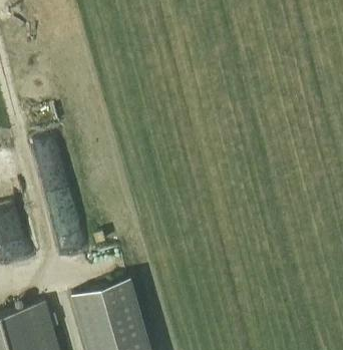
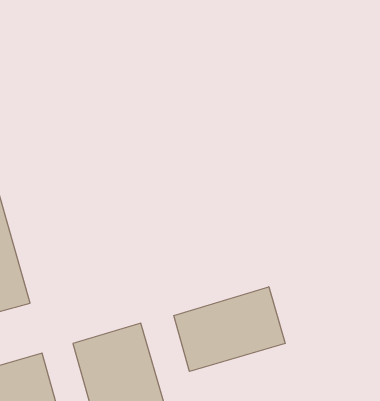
building: none -> [174,287,285,371]

